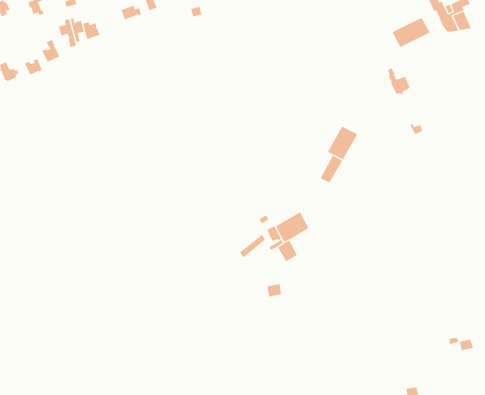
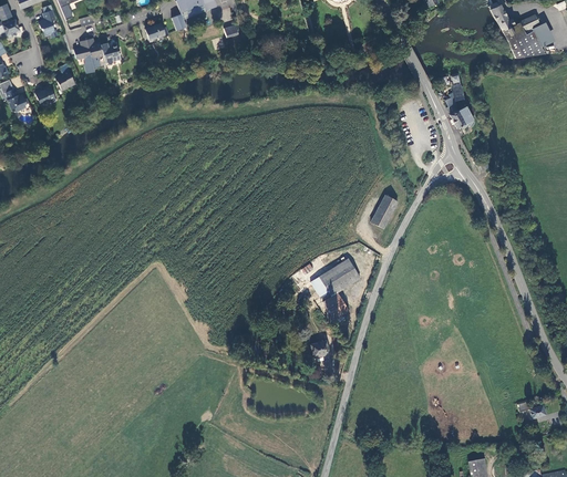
building: [392,17,430,48] -> none
building: [327,126,358,160] -> none

